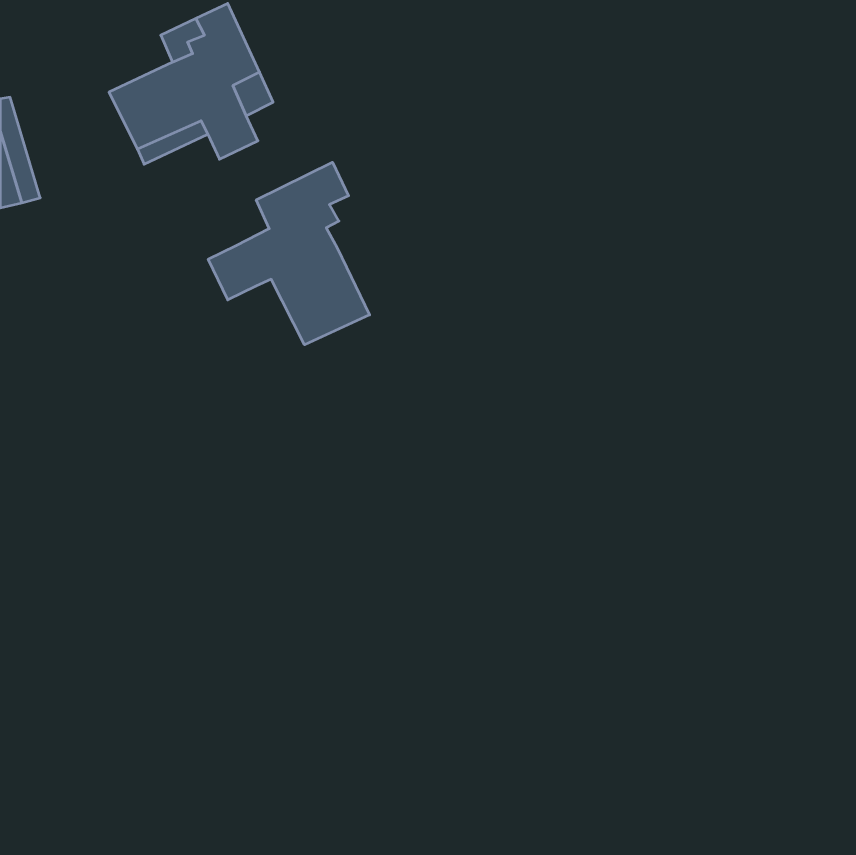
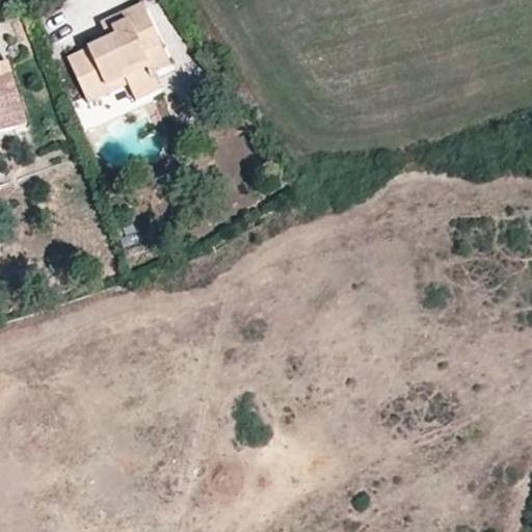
building: [208,162,370,345] -> none

